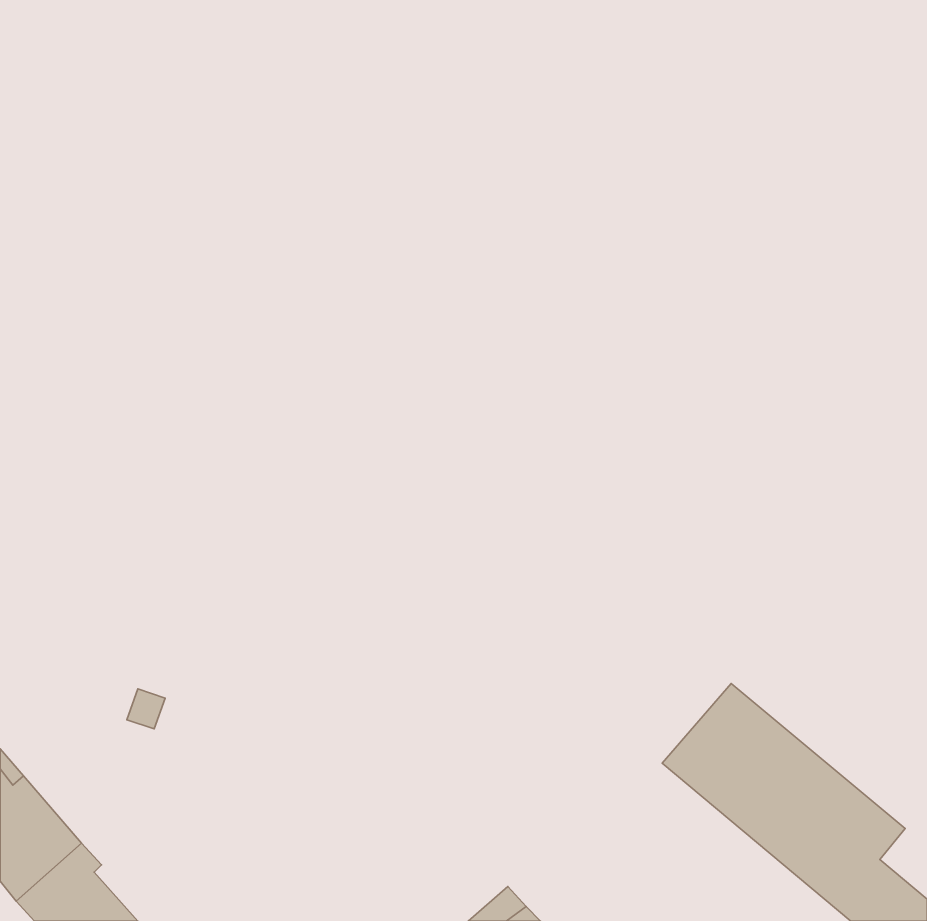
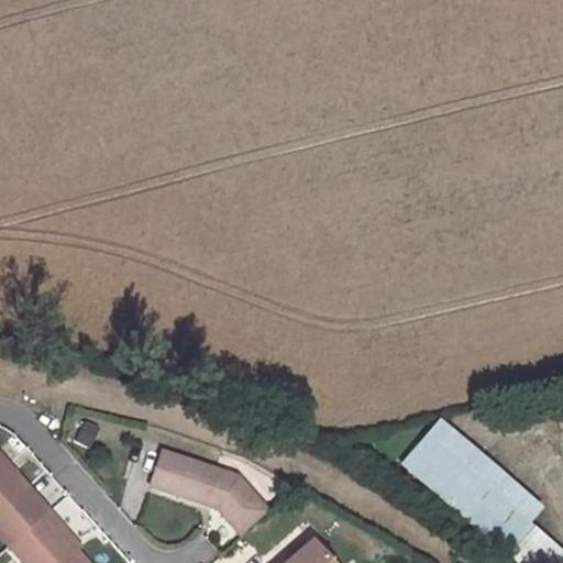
building: none -> [151,452,269,536]

